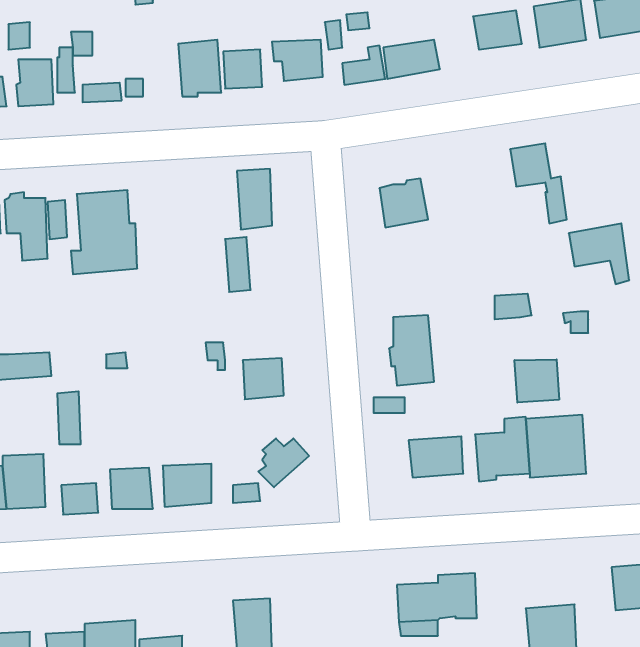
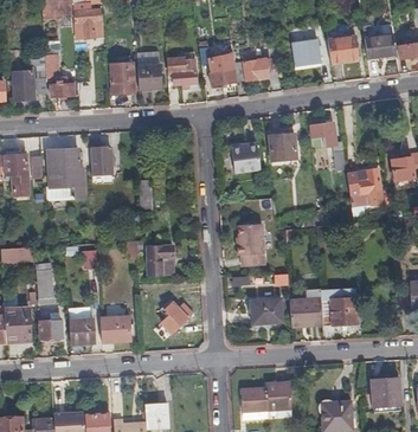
building: none -> [271,135,298,163]
building: [237,169,272,229] -> [91,148,112,185]
building: [515,359,559,403] -> none

